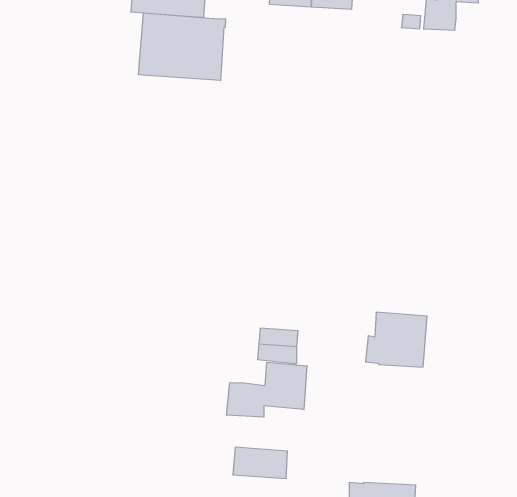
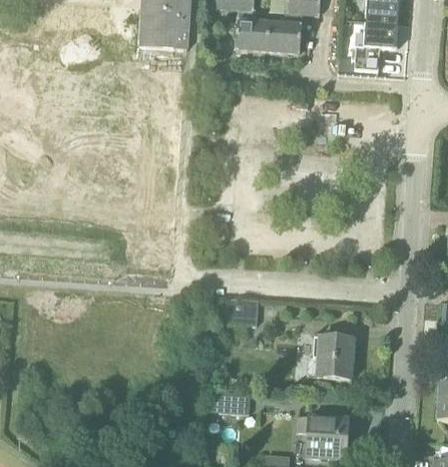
building: [139,13,225,81] -> none
building: [366,312,427,367] -> [307,336,354,378]
building: [227,362,307,417] -> none

